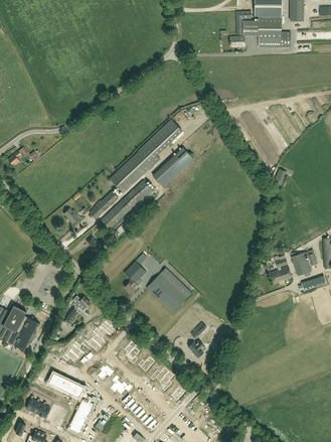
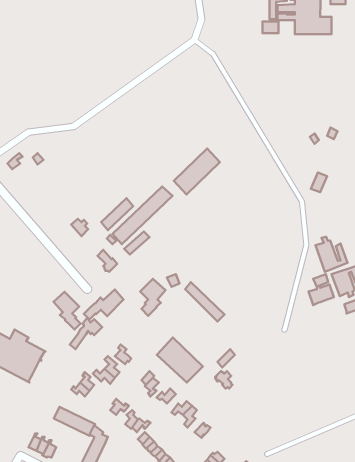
building: [110,120,182,192] -> none
building: none -> [316,237,348,272]
building: none -> [84,289,124,319]
building: none -> [54,292,80,330]
building: [146,273,186,312] -> [157,338,203,383]

